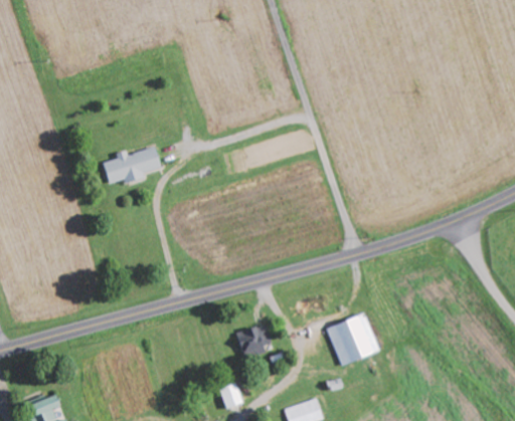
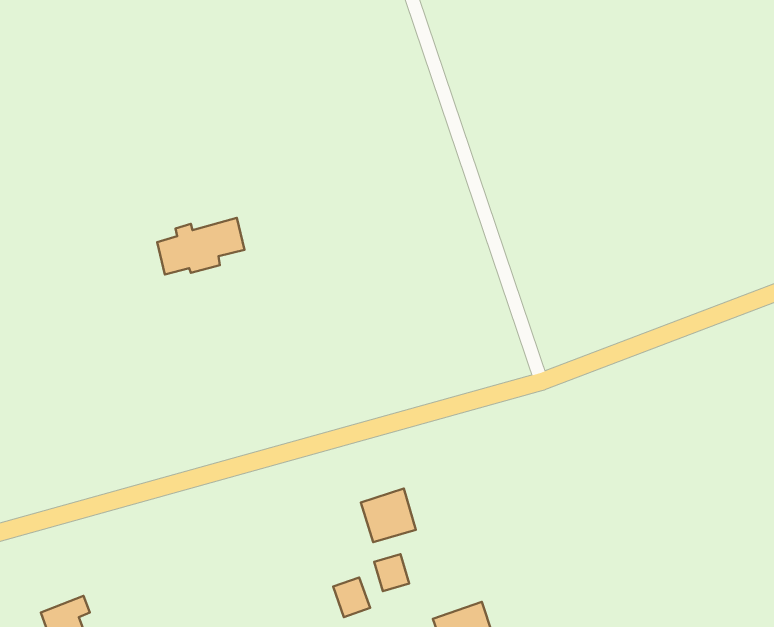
building: [327,313,379,366] -> none
building: none -> [374,554,409,591]

